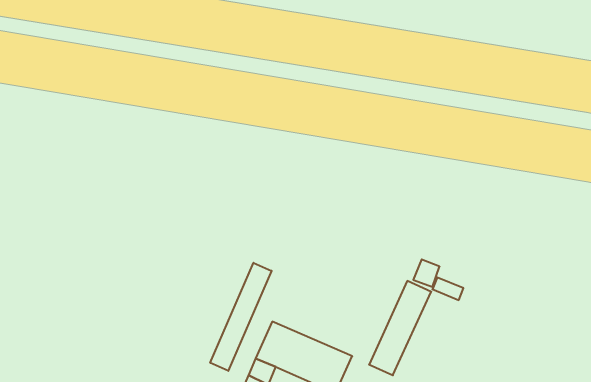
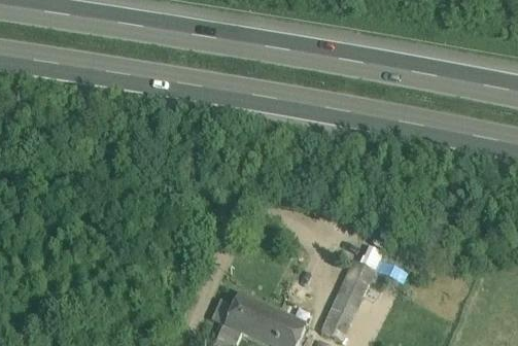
building: [210,263,272,371] -> none

